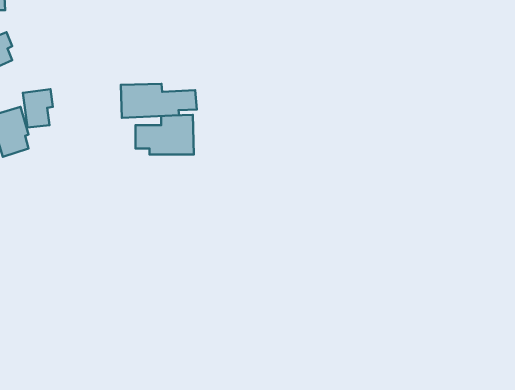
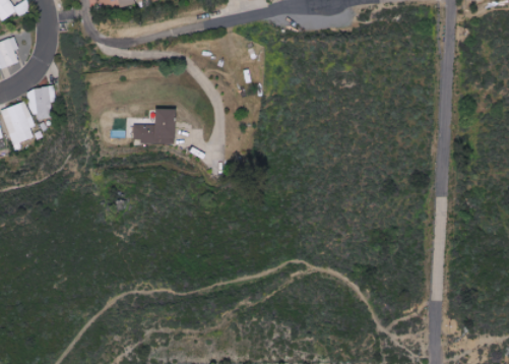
building: [121,84,197,118] -> none

